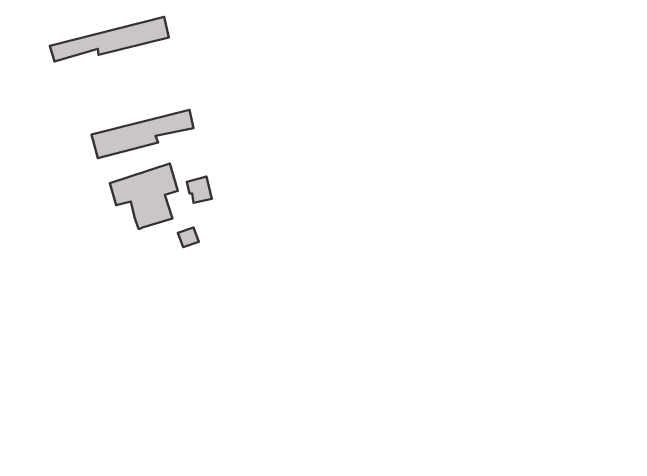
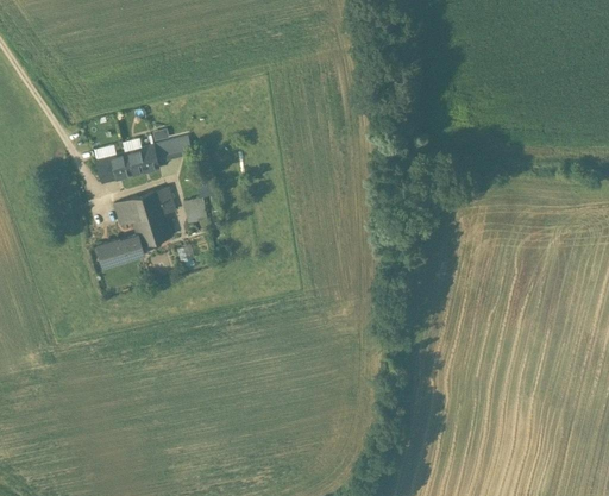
building: [50,17,169,61] -> none
building: none -> [96,236,144,266]

